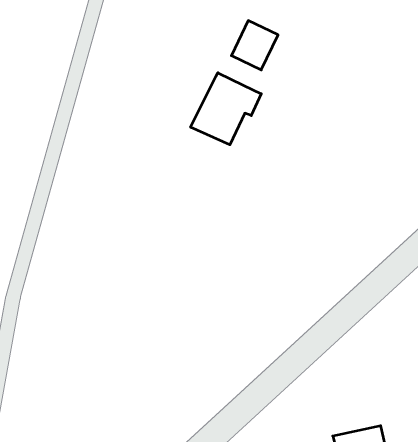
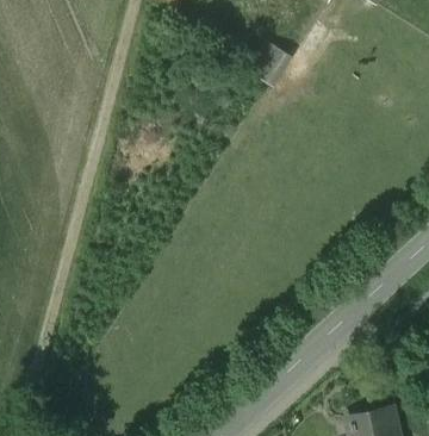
building: [191,73,261,145] -> none

